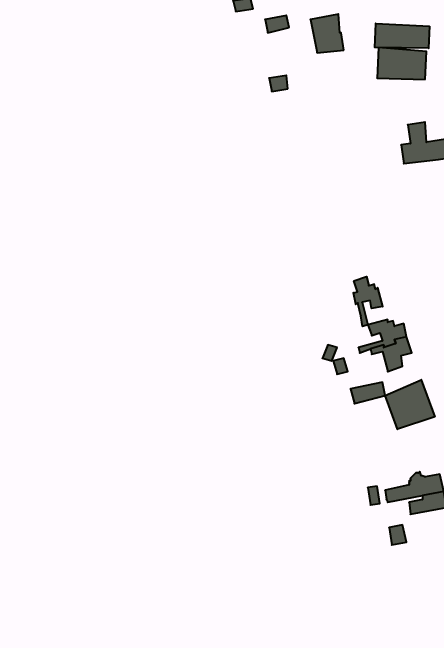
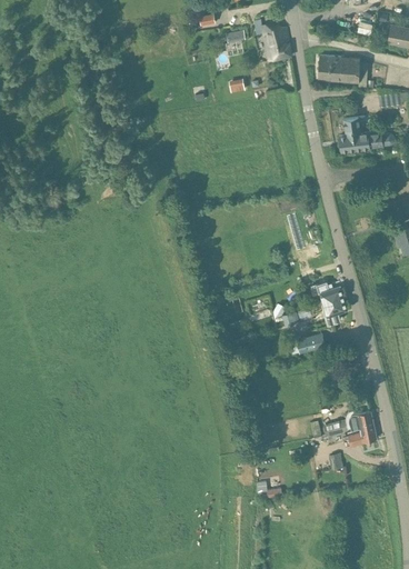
building: [375,23,429,48] -> none
building: [353,277,383,326] -> none
building: [385,380,435,429] -> none

